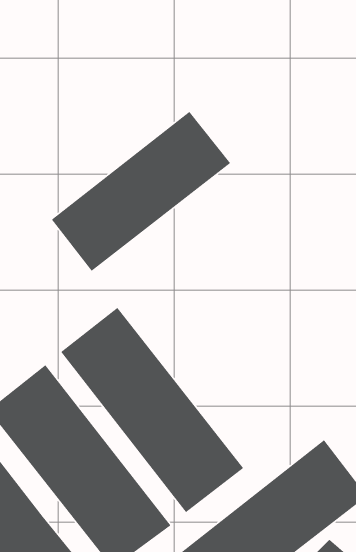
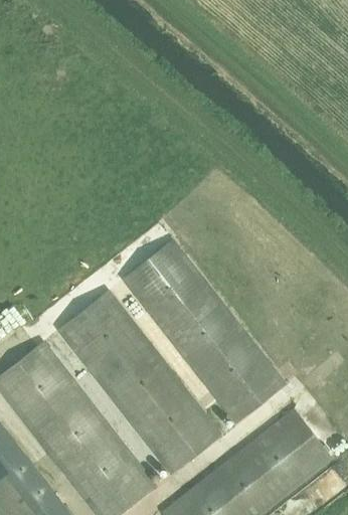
building: [51,111,231,272] -> none
building: none -> [122,239,287,424]

